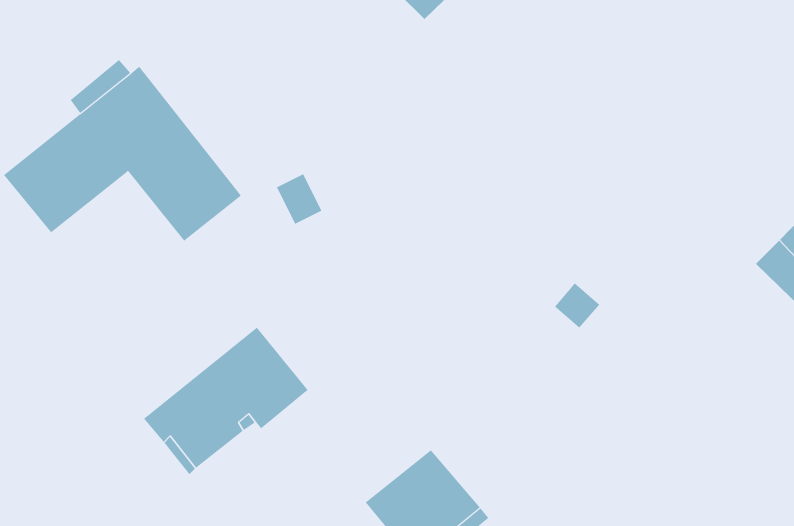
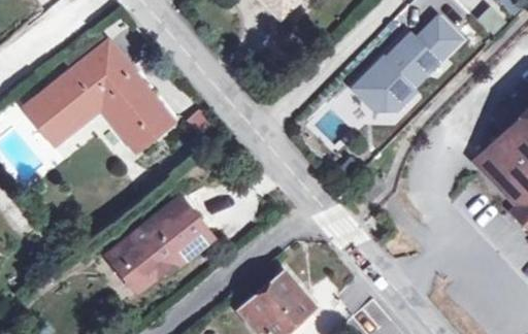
building: none -> [353,16,463,110]

